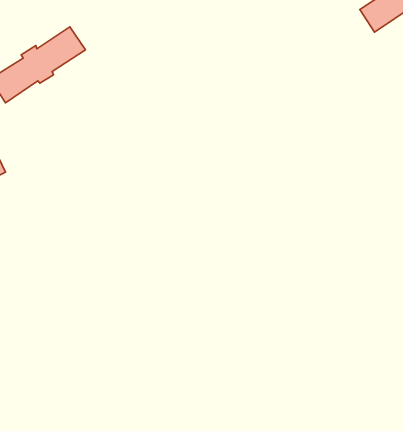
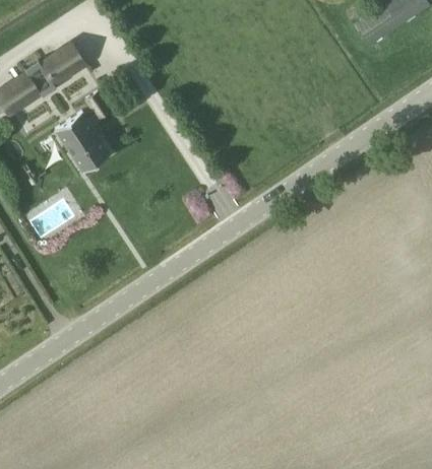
building: none -> [54,92,109,173]

